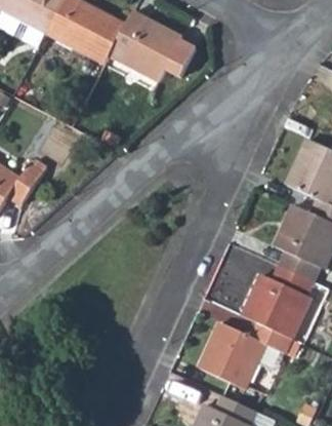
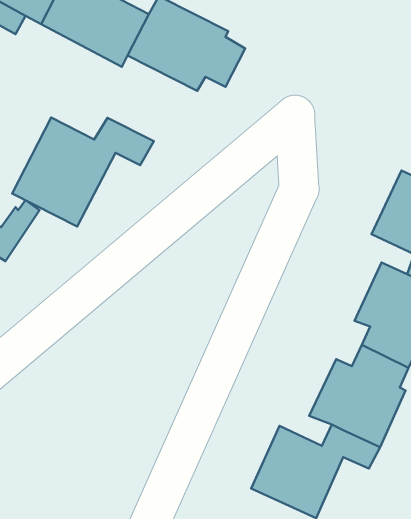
building: none -> [12,117,154,227]

